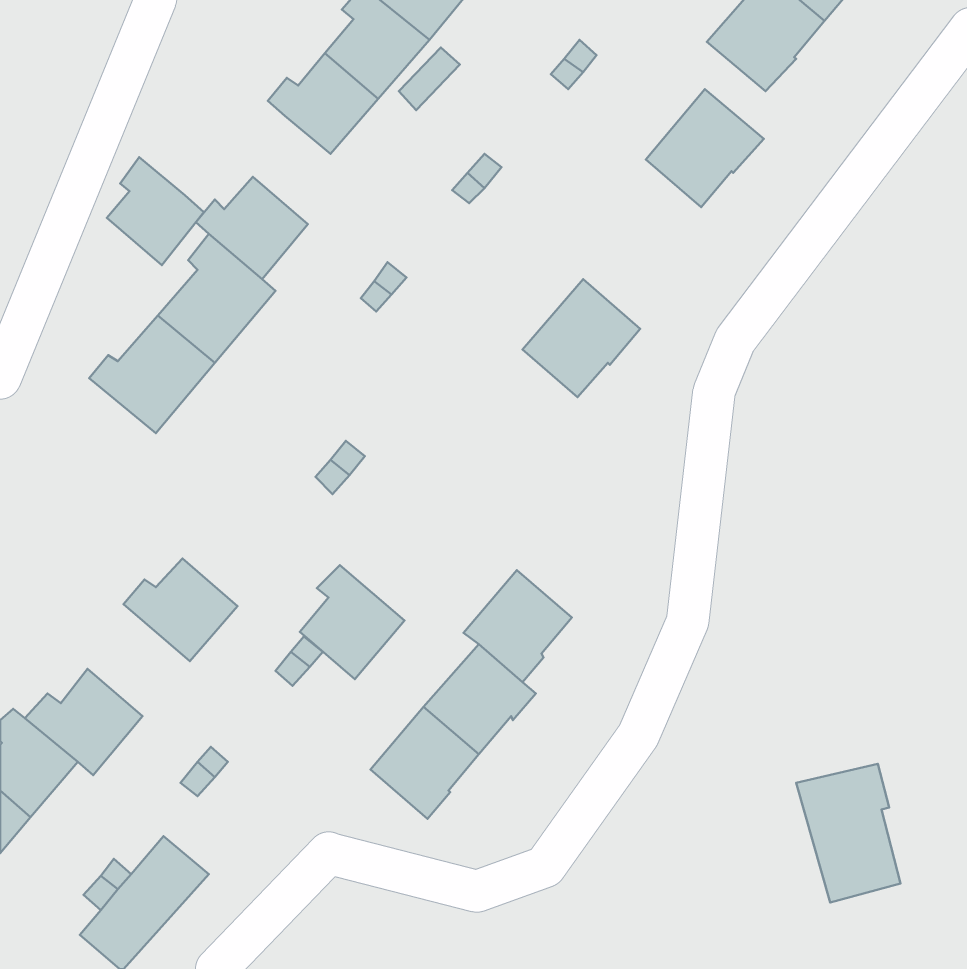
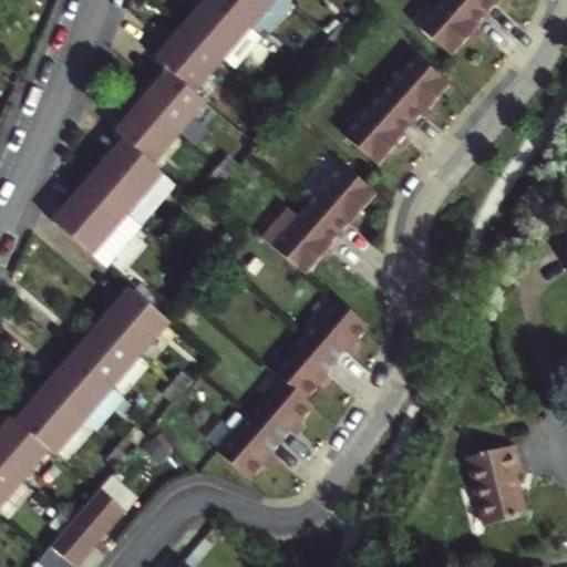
building: [107,157,204,265] -> [150,68,206,131]
building: none -> [343,93,411,164]
building: none -> [264,204,339,272]
building: none -> [303,296,369,360]
building: [300,565,404,679] -> [109,287,169,353]
building: none -> [53,352,113,417]

